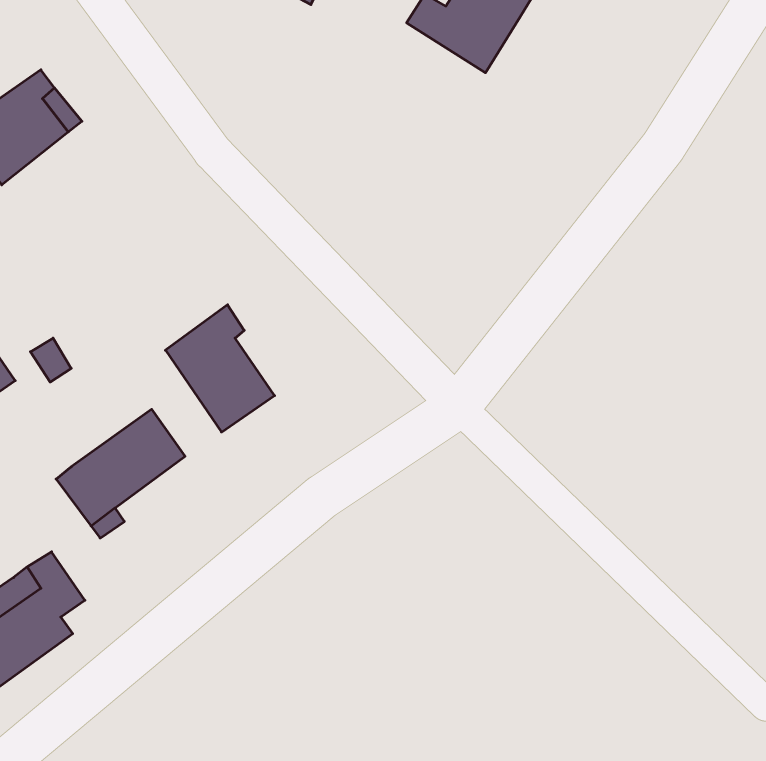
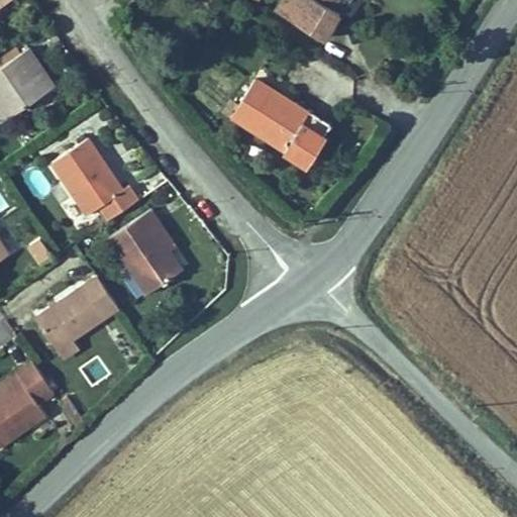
building: none -> [222,85,330,173]
building: none -> [51,136,140,216]

